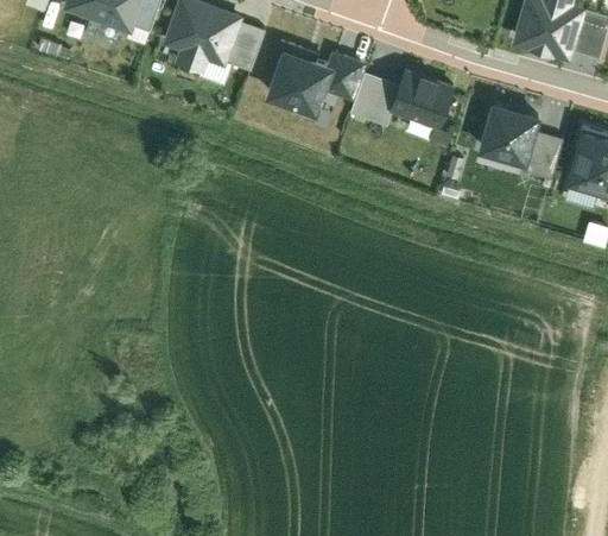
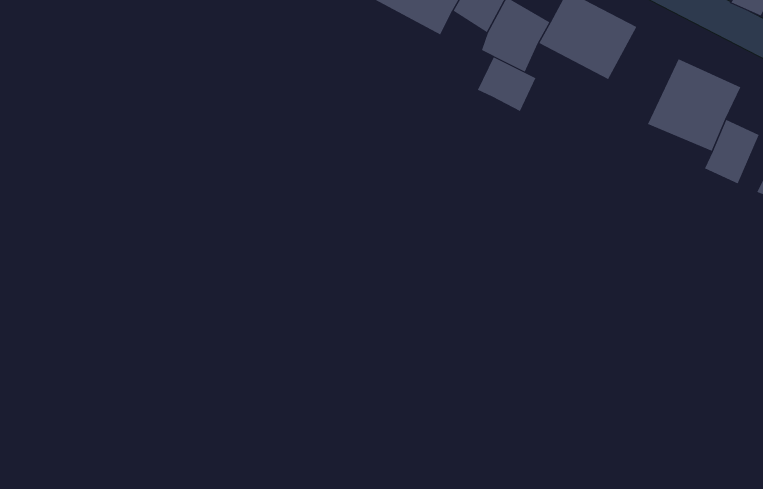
building: none -> [477,56,536,112]

